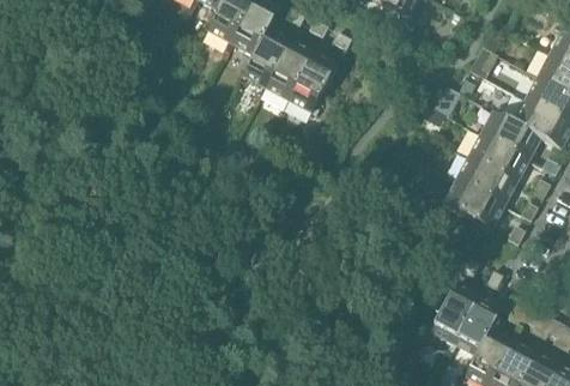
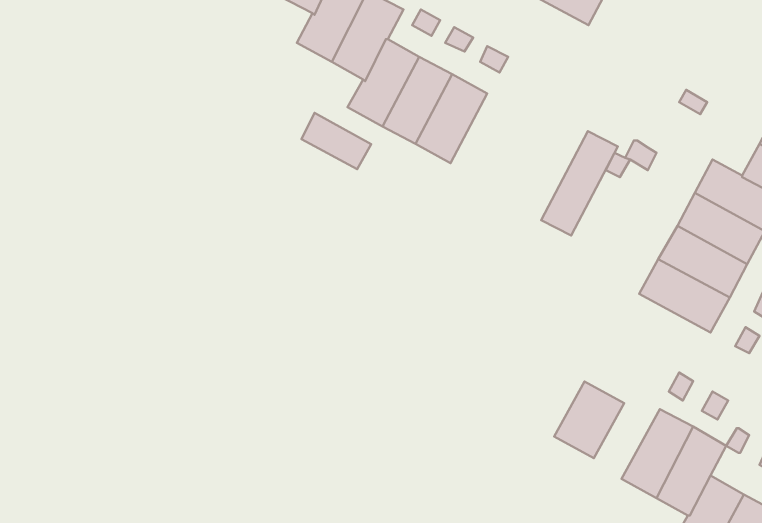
building: none -> [301,113,371,169]
building: none -> [541,131,618,235]
building: none -> [554,382,624,458]

